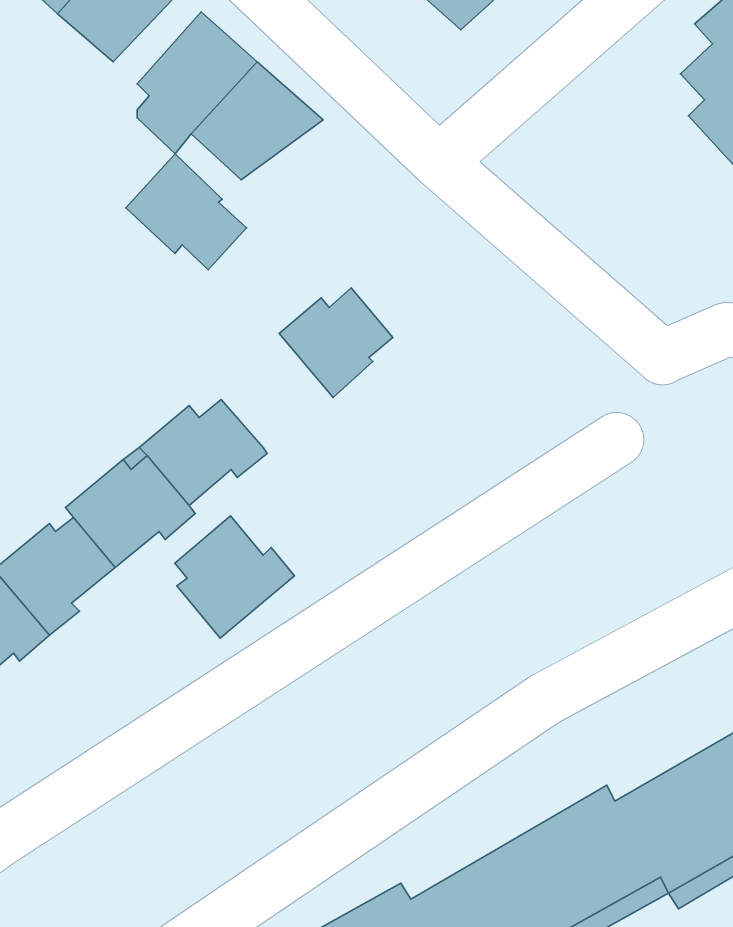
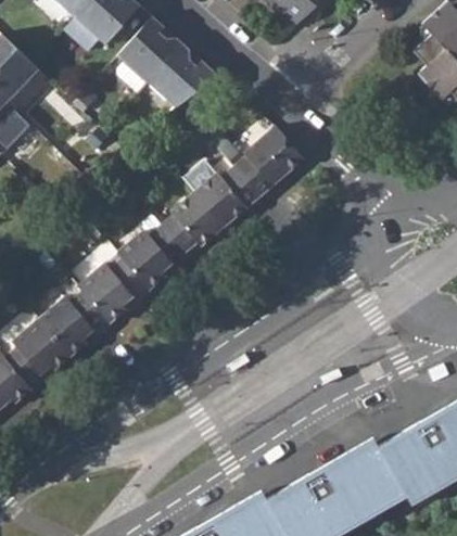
building: [126,154,247,270] -> none
building: none -> [233,127,304,194]
building: none -> [163,192,224,254]
building: [175,516,294,638] -> none

